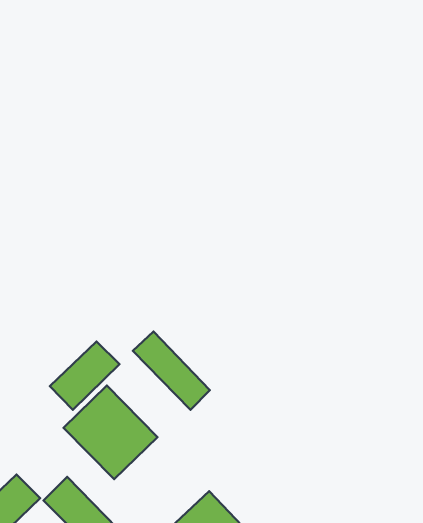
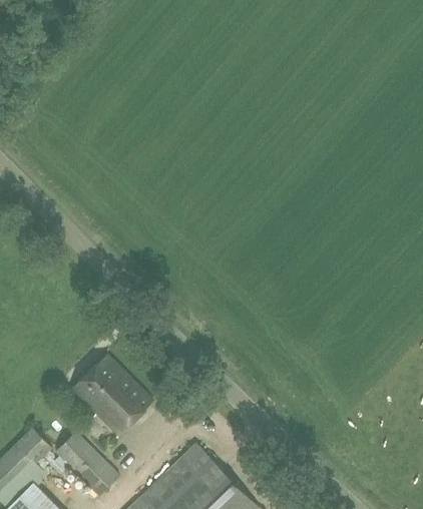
building: [133,331,210,410] -> none
building: [50,342,119,410] -> none

